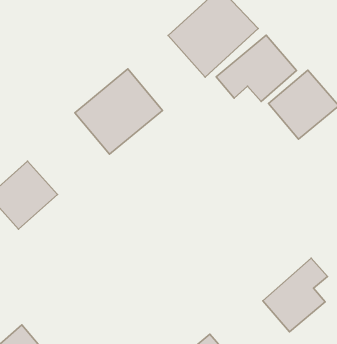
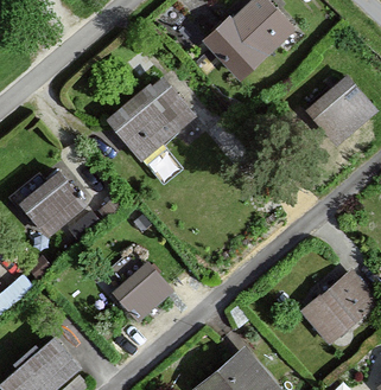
building: [216,35,296,101] -> none
building: none -> [112,262,174,324]

